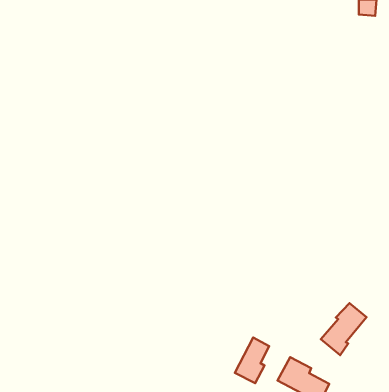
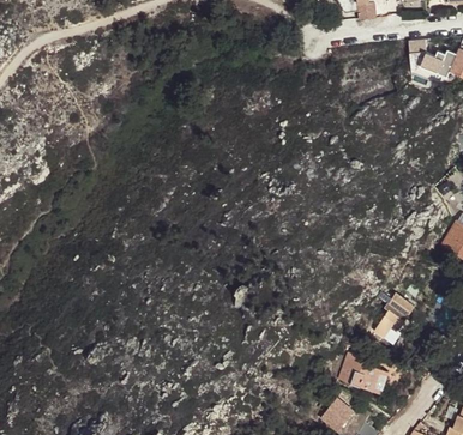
building: [235,337,269,383] -> none

